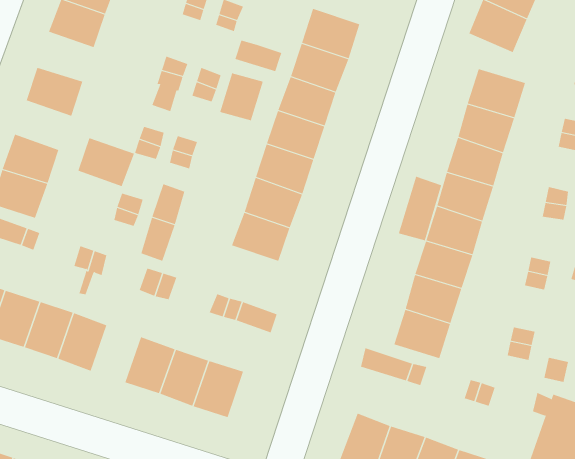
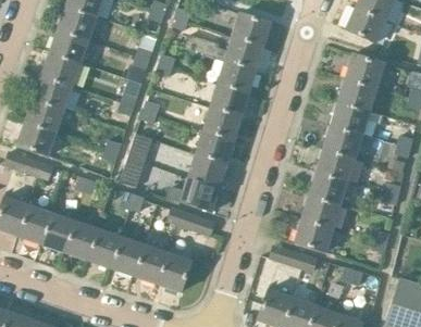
building: none -> [50,29,89,63]
building: [220,73,263,121] -> none
building: [78,137,135,187] -> [35,76,74,110]
building: [398,176,442,241] -> none
building: none -> [175,175,215,210]
building: none -> [87,229,121,268]

